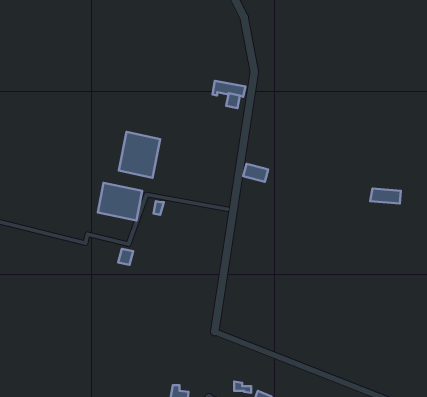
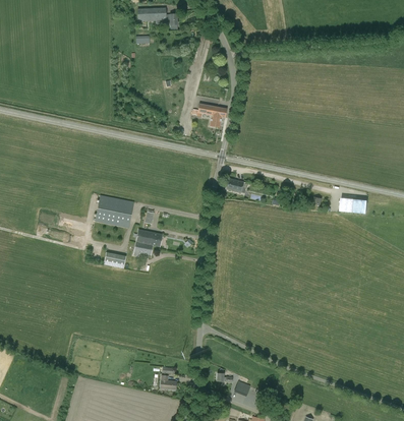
building: [119,132,160,178] -> none
building: none -> [133,230,161,254]

